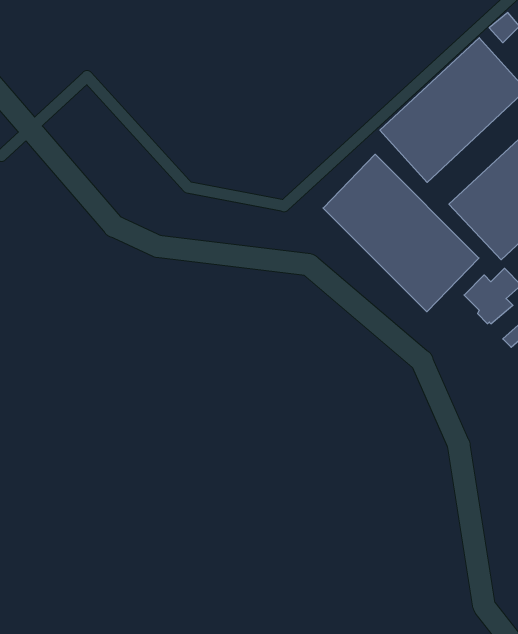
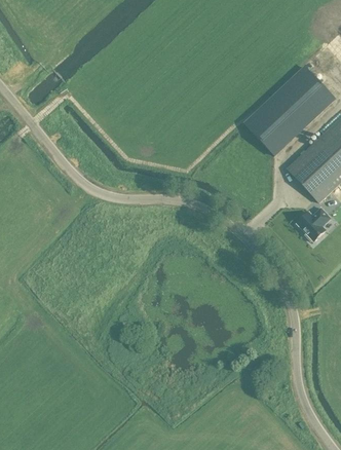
building: [323,154,479,312] -> none

